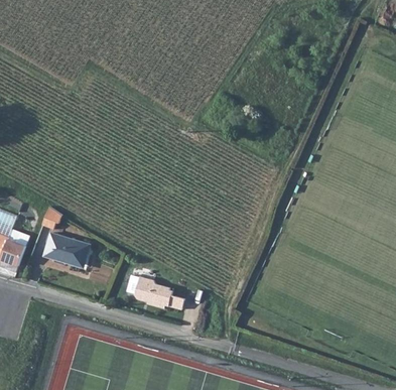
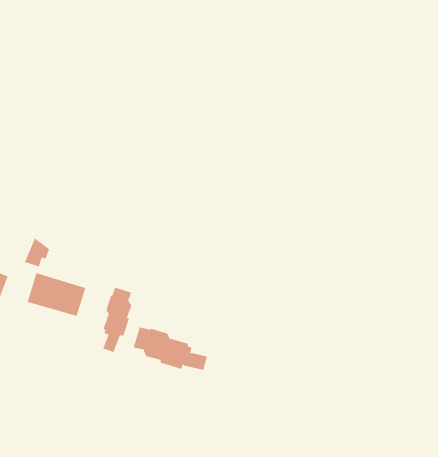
building: none -> [102,287,132,353]

